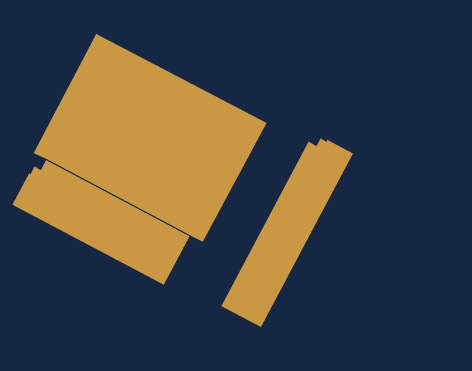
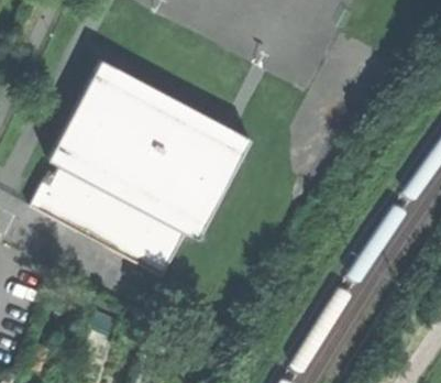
building: [220,137,354,328] -> none

